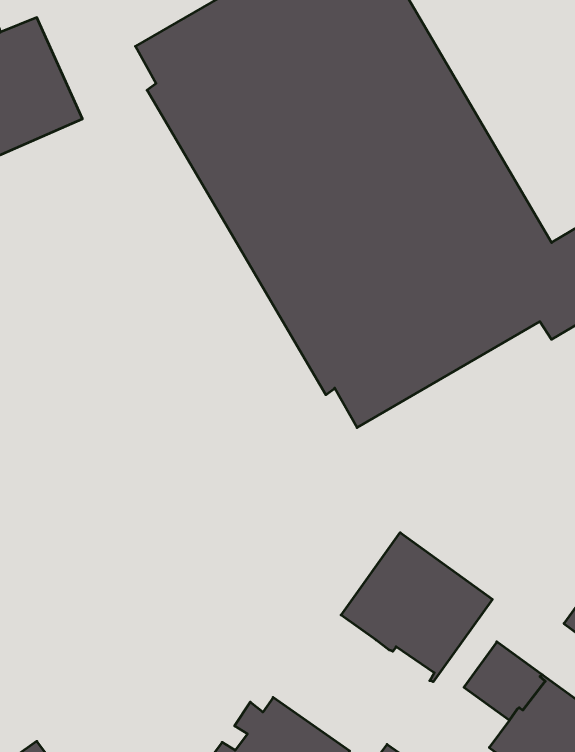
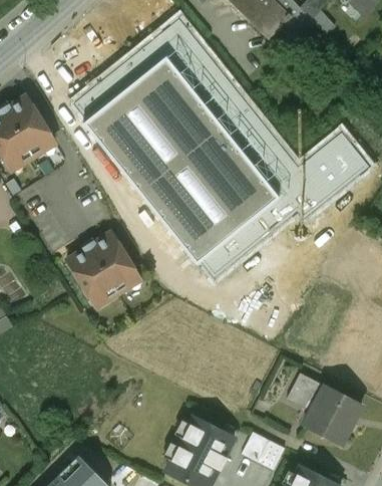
building: none -> [67,231,141,307]
building: [341,533,492,682] -> none

